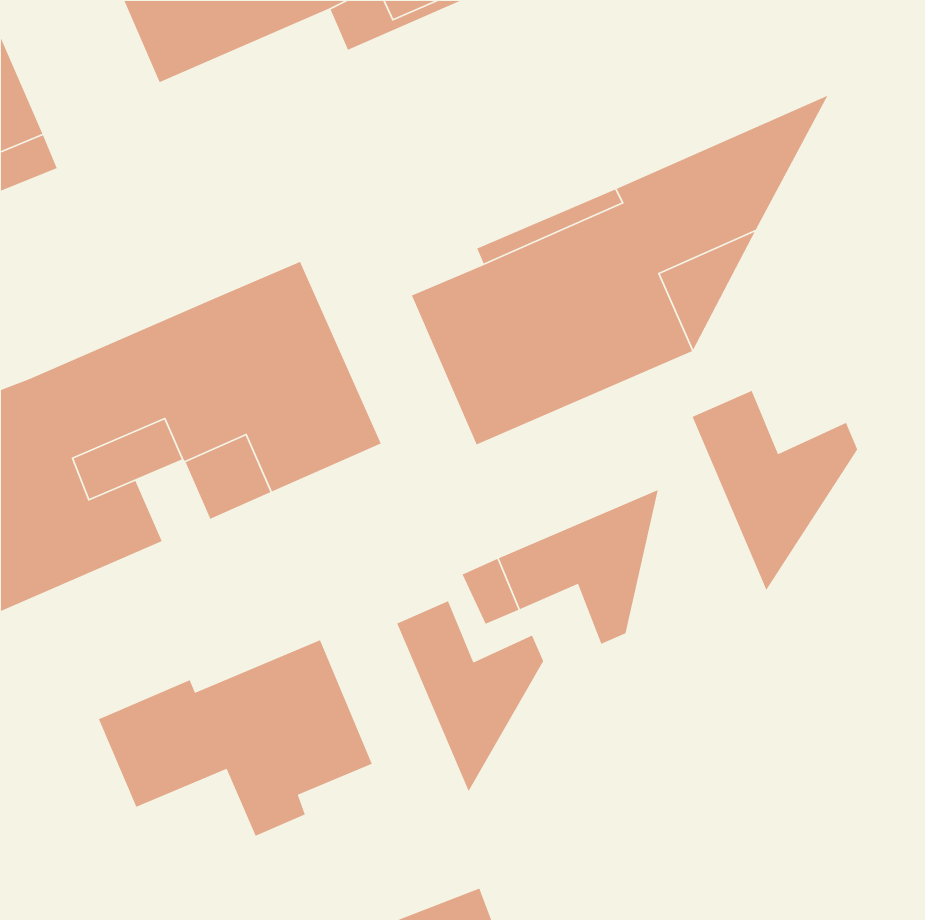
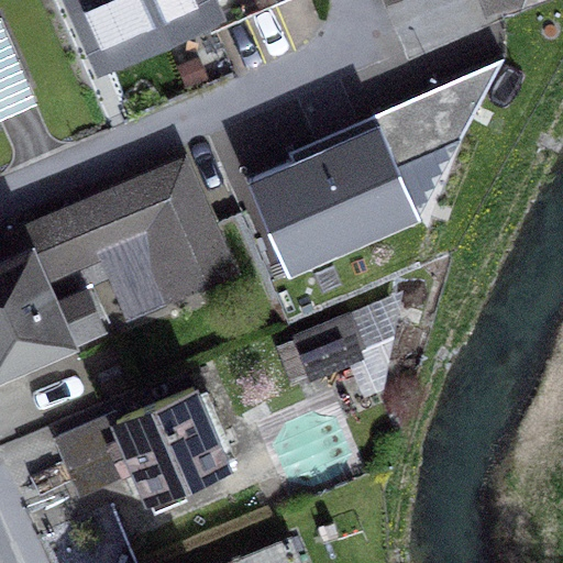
building: [692,390,858,591] -> none
building: [396,600,544,793] -> none

